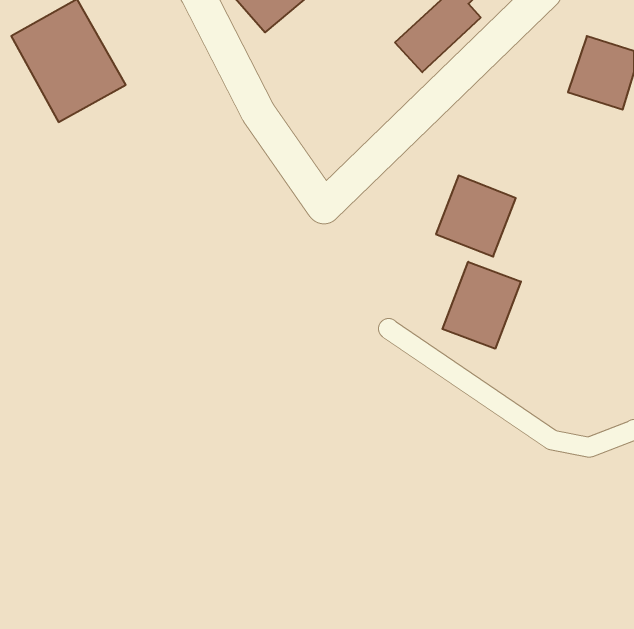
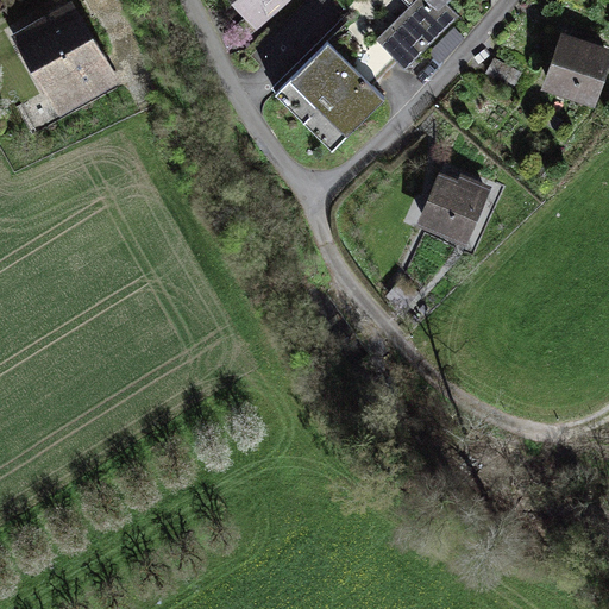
building: none -> [276,43,383,149]
building: [442,262,521,349] -> none

